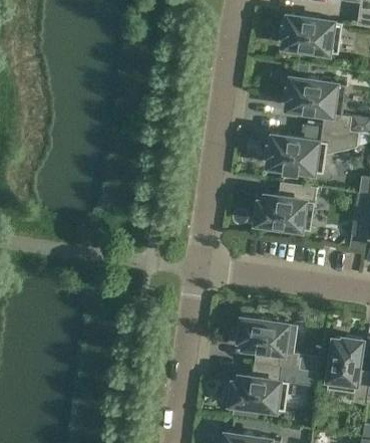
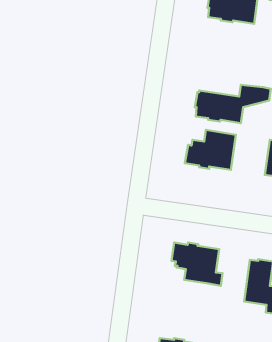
building: [285,78,351,132] -> none
building: [230,364,317,412] -> none

